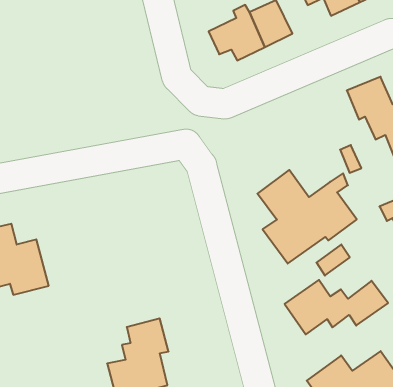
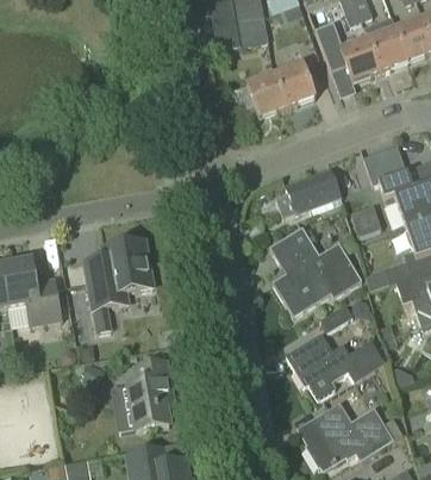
building: none -> [285,168,339,213]
building: none -> [85,237,154,330]

